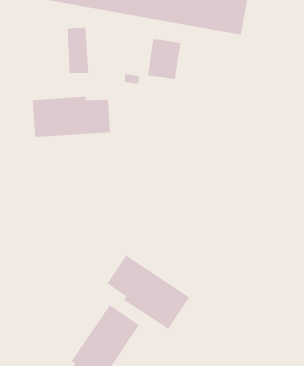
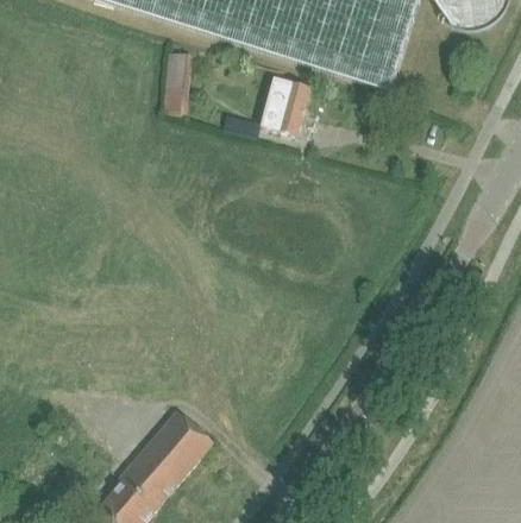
building: [32,96,111,138] -> none
building: [106,254,190,330] -> none

